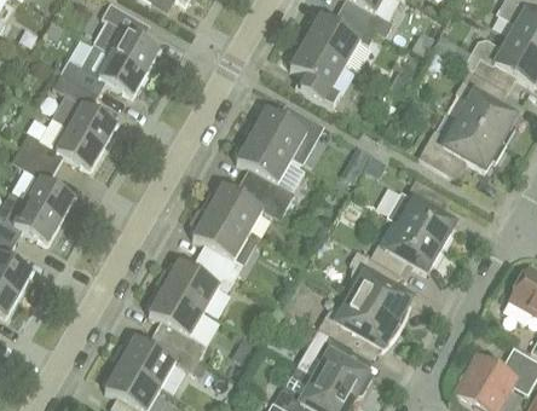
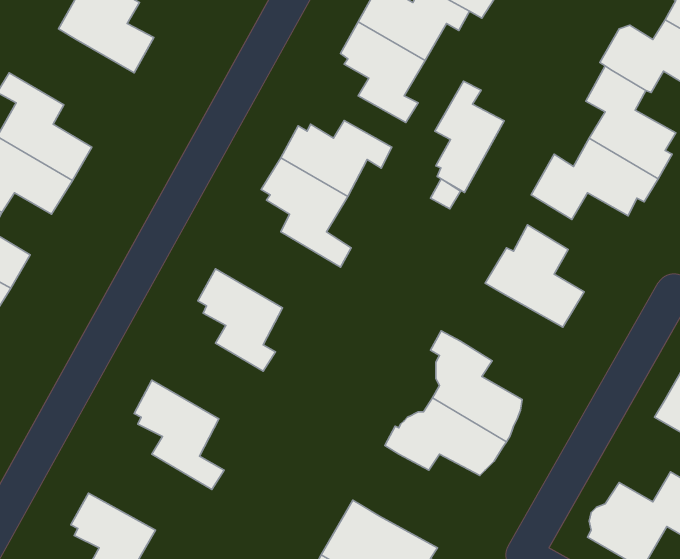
building: [60,42,146,95] -> none
building: none -> [435,81,504,192]
building: [202,181,288,233] -> none
building: [370,224,440,273] -> none
building: [158,257,235,309] -> none
building: [115,334,200,386] -> none
building: [314,334,373,398] -> none

